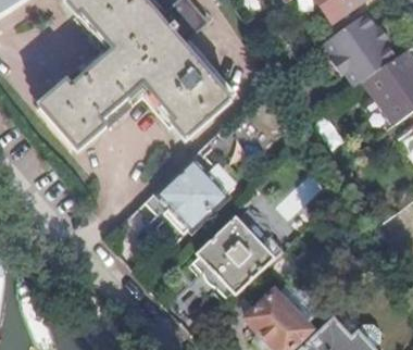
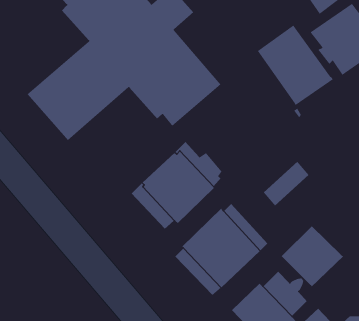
building: none -> [257,25,334,106]
building: none -> [281,225,344,288]

